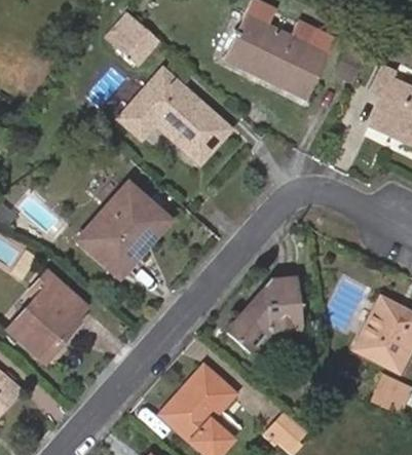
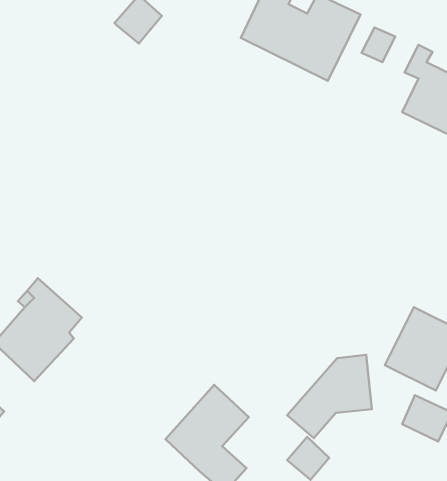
building: [119,70,229,161] -> none
building: [76,183,168,276] -> none
building: [227,278,302,352] -> [287,355,372,438]

